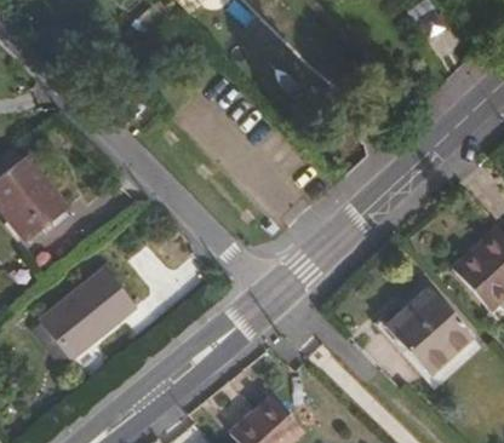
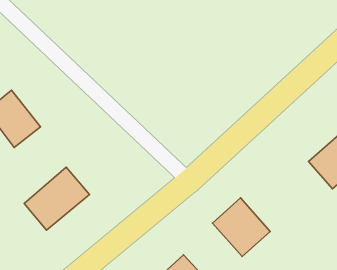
building: [385,281,470,367] -> [212,198,270,256]

